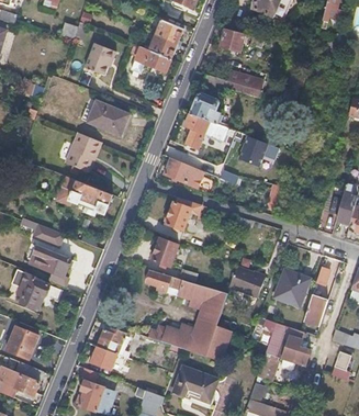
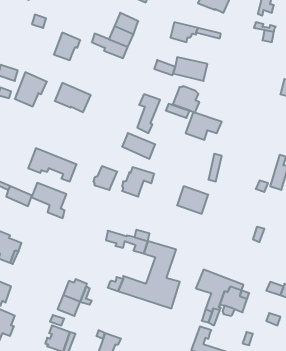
building: [190,92,221,123] -> [173,86,199,113]
building: [65,131,102,170] -> [15,72,47,106]
building: [150,239,178,267] -> [93,166,117,190]
building: [30,246,70,286] -> [31,183,66,218]
building: [228,265,265,296] -> [177,186,208,214]
building: [273,271,310,307] -> none
building: [303,294,327,325] -> none
building: [172,364,217,402] -> none

